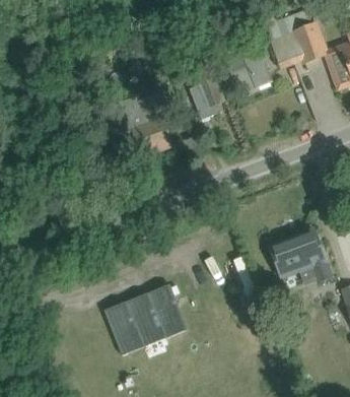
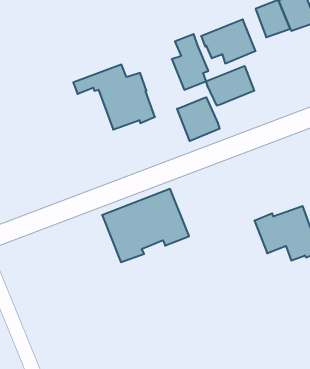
building: none -> [206,66,254,106]
building: none -> [177,97,220,141]
building: [103,283,188,354] -> [102,189,189,262]

